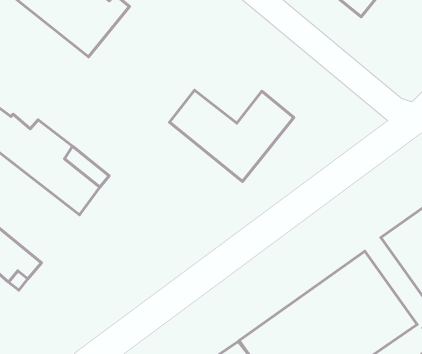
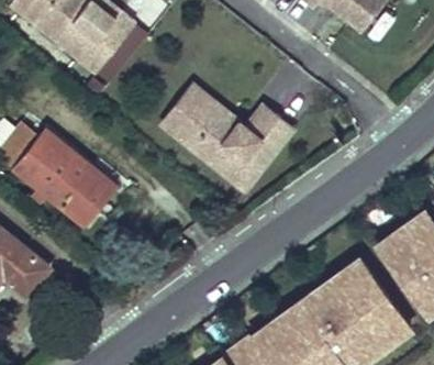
building: none -> [160,82,245,134]

